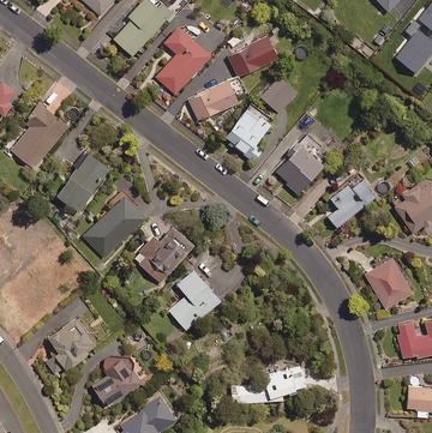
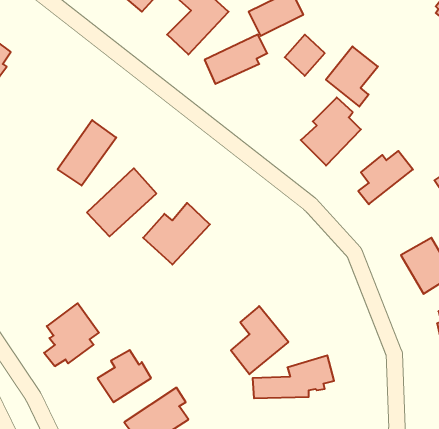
building: [11,104,67,170] -> none
building: [223,108,270,162] -> [326,46,378,107]
building: [168,270,220,331] -> [231,306,288,374]

